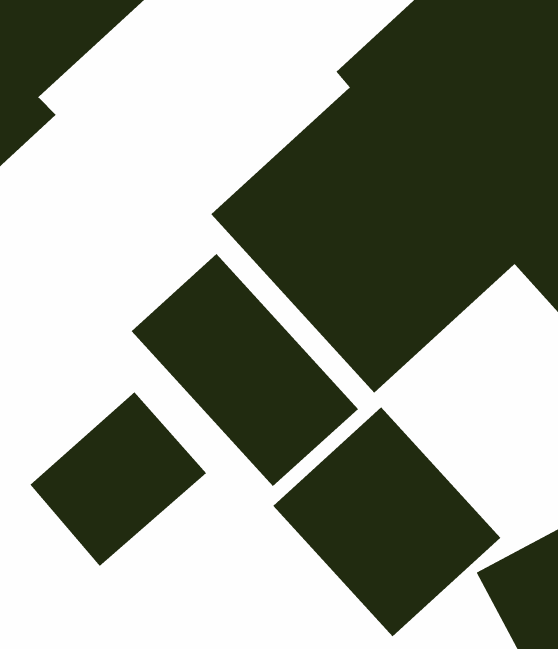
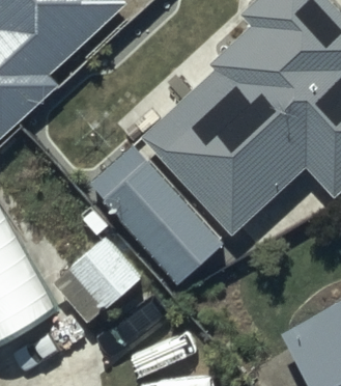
building: [273,406,501,637] -> none

